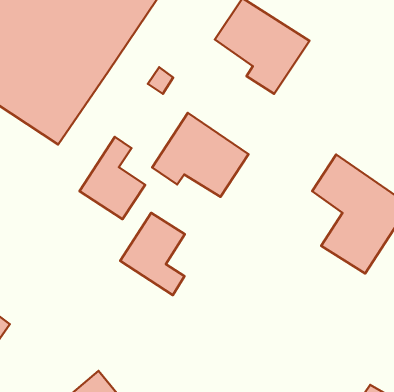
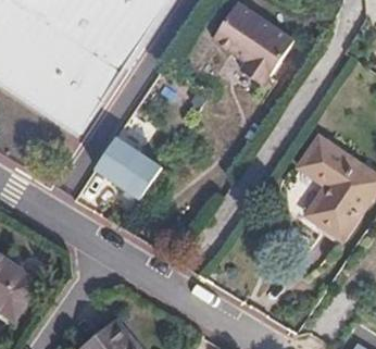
building: [152,113,248,197] -> none
building: [120,213,185,295] -> none

